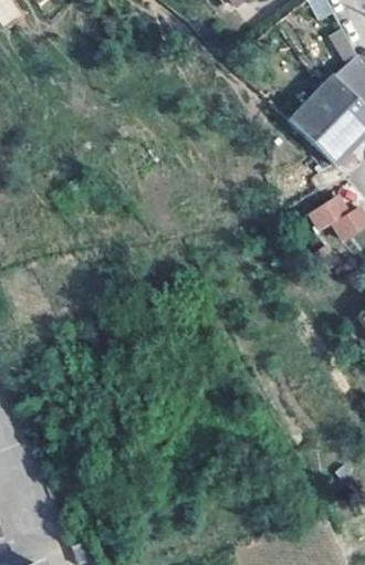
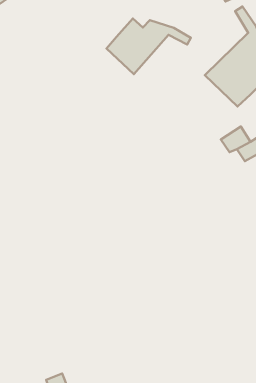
building: none -> [107,19,191,74]

